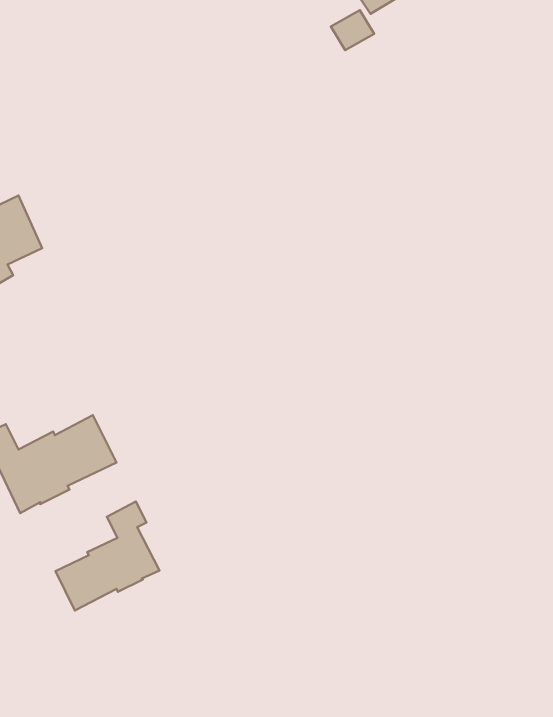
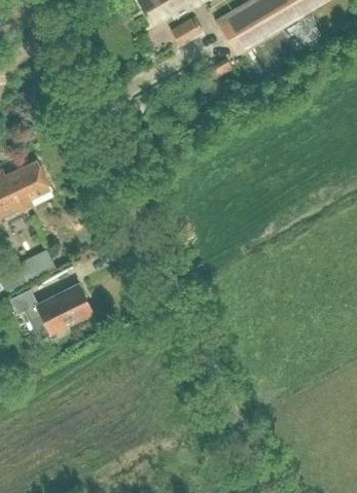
building: [55,501,159,610] -> none

